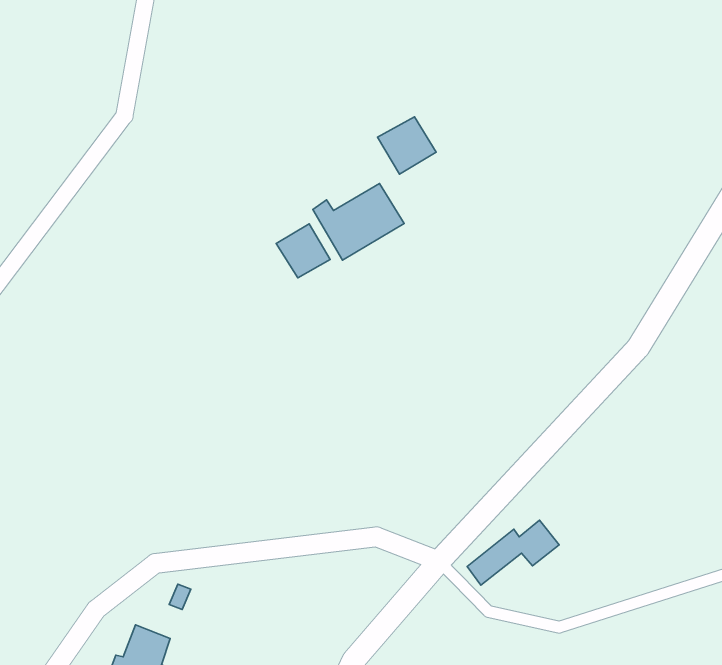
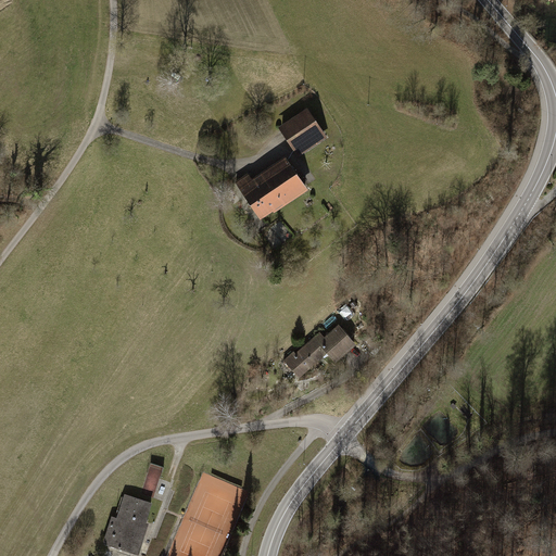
building: [276,224,330,278] -> none
building: [467,520,559,585] -> [287,325,353,375]

